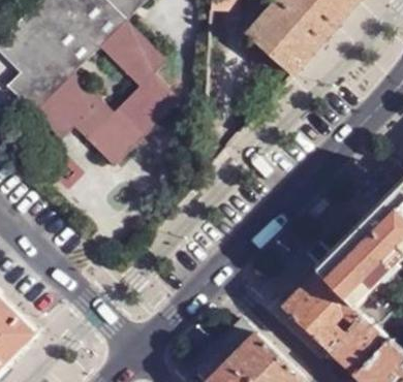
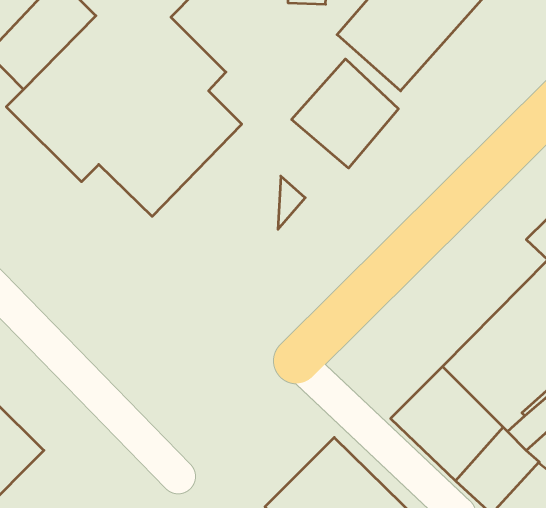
building: none -> [292,59,398,168]

